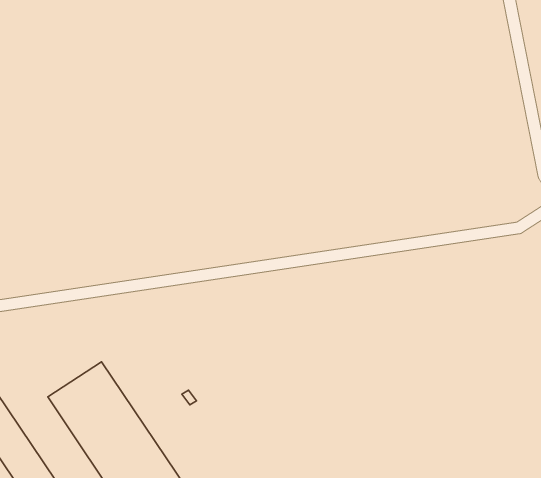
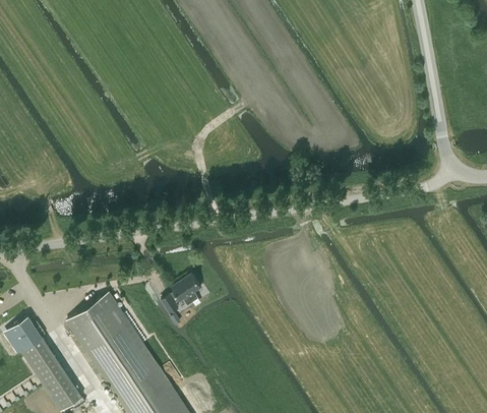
building: none -> [162,275,201,313]

